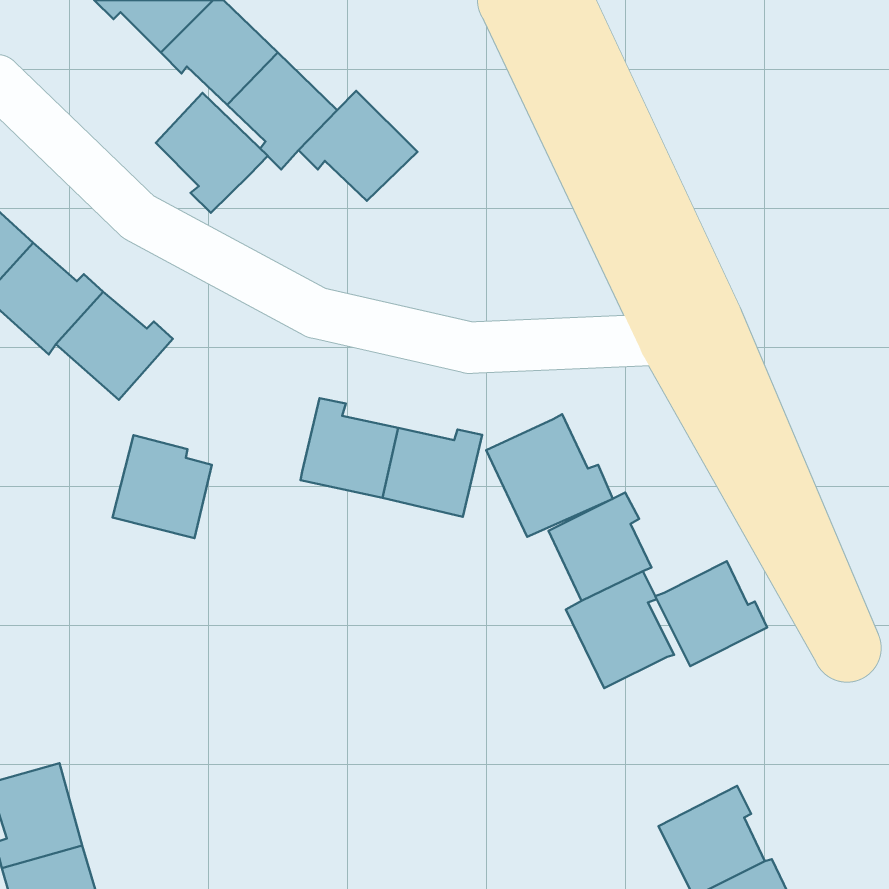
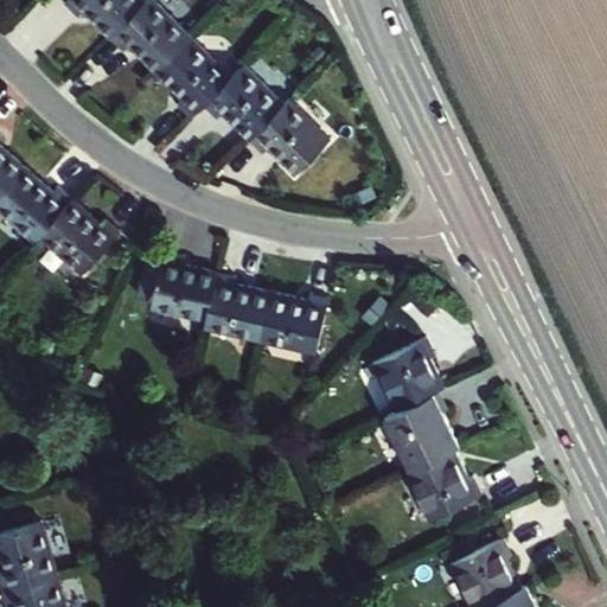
building: [156,93,268,213] -> none
building: none -> [249,100,327,174]
building: [486,414,613,537] -> none
building: [112,435,212,538] -> [149,253,217,322]
building: [655,561,767,666] -> [404,448,480,519]

